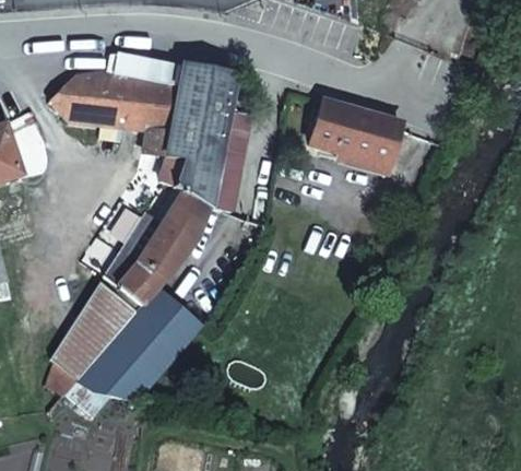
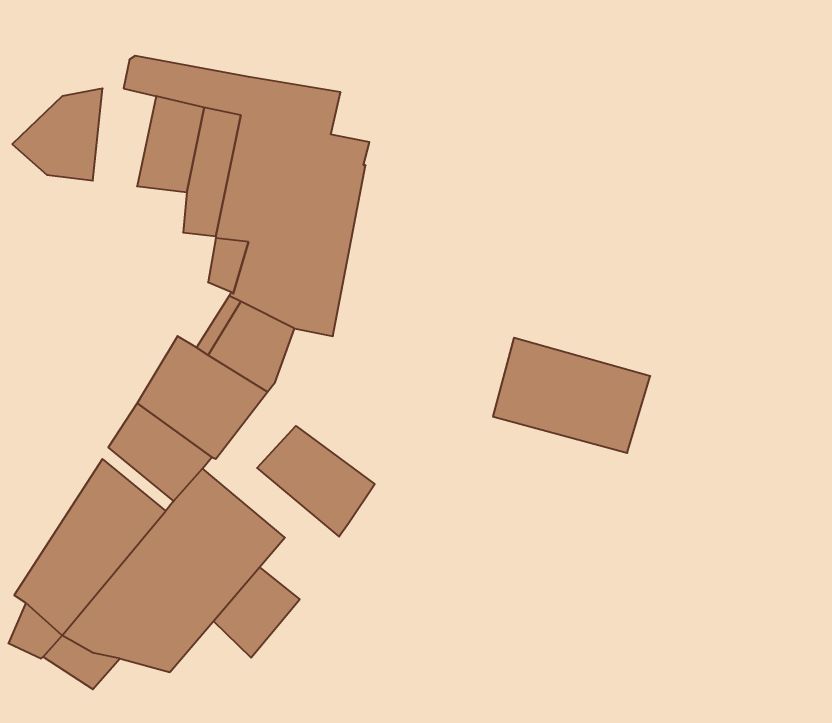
building: [96,69,132,126] -> none
building: [312,99,402,165] -> [493,338,650,453]
building: none -> [257,426,375,537]
building: none -> [213,567,300,658]

